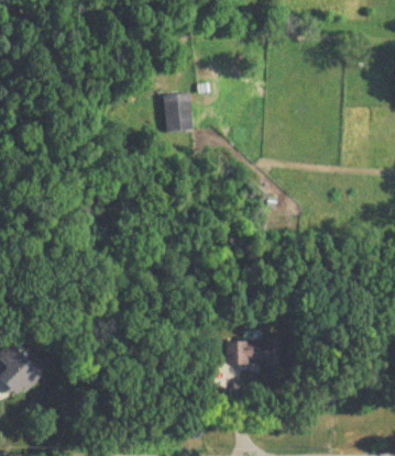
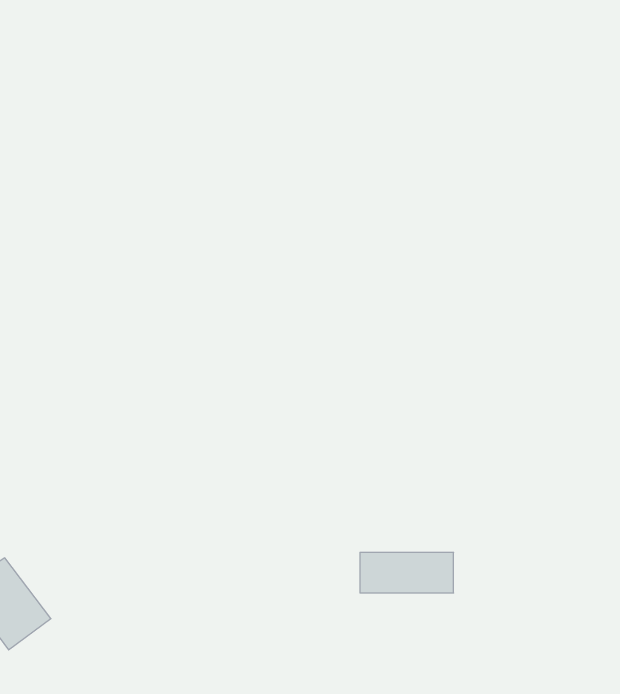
building: [164,94,193,133] -> none

